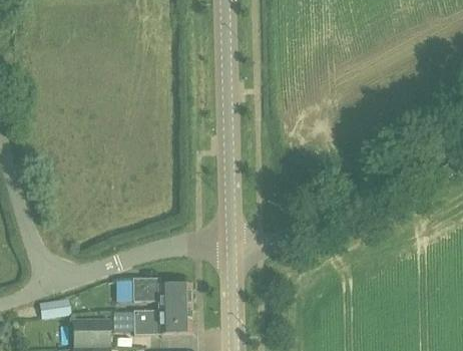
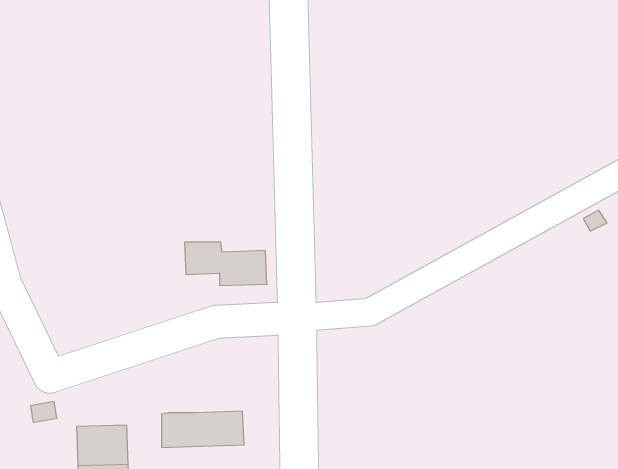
building: [131,277,190,308] -> [184,242,267,286]

